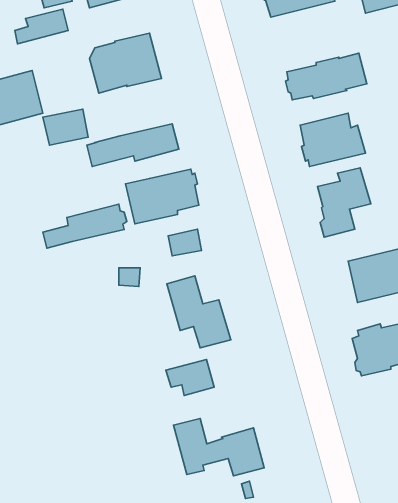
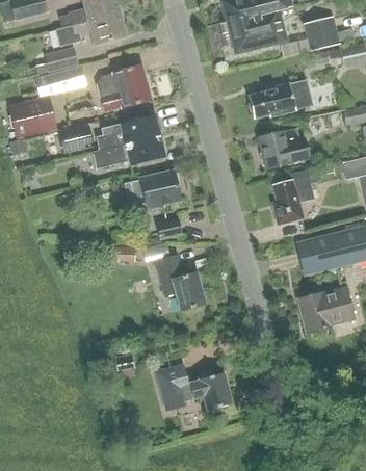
building: none -> [48,63,84,91]
building: [43,204,127,248] -> [97,115,162,150]
building: [166,360,214,395] -> none

